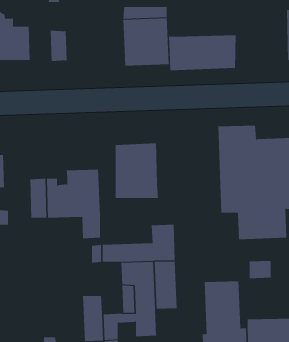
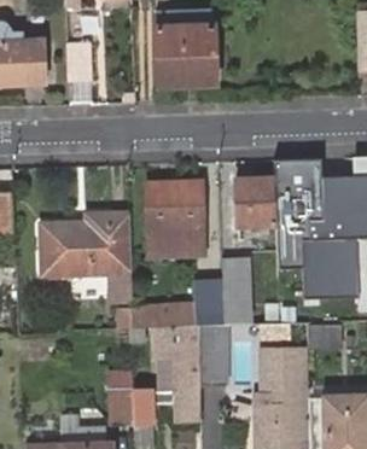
building: [168,35,236,71] -> none
building: none -> [238,179,276,221]
building: none -> [222,260,258,327]

